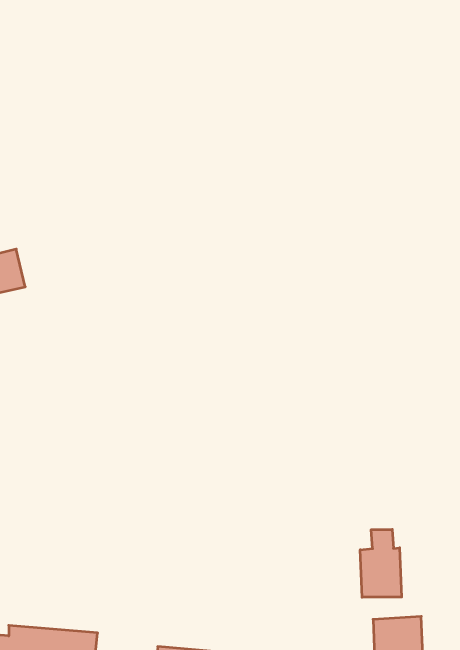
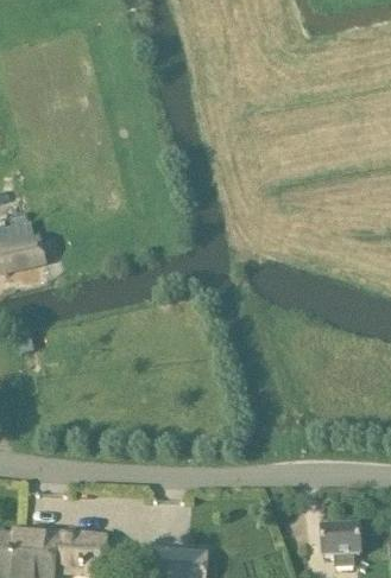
building: [360,529,402,597] -> none

